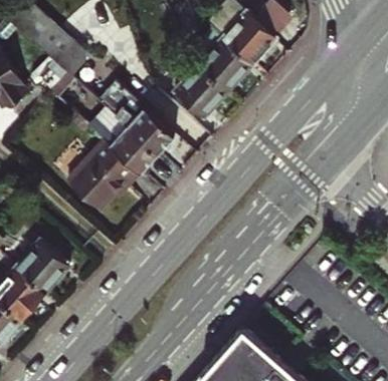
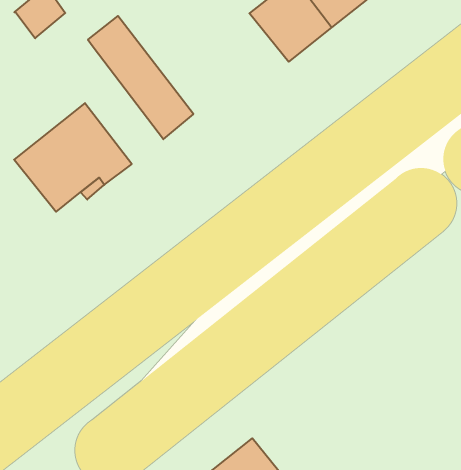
building: [175,64,228,116] -> none
building: [85,102,158,171] -> none

